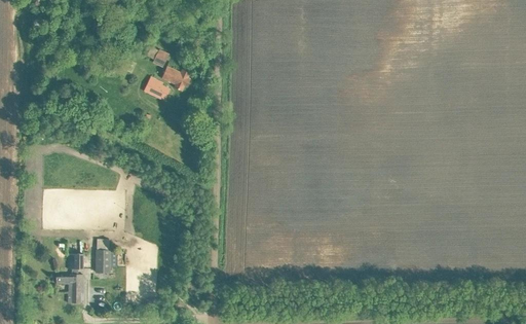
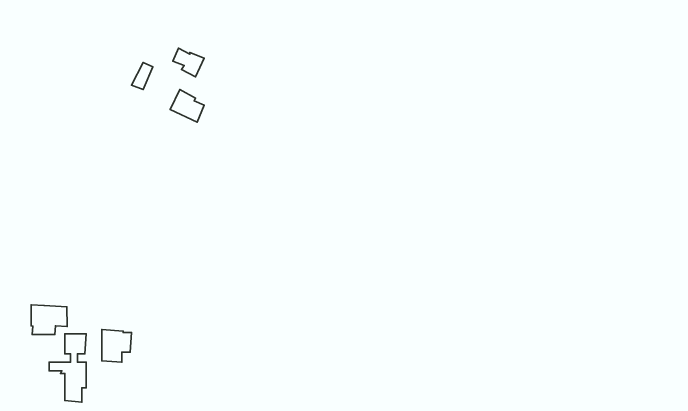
building: [161,67,190,92] -> none
building: none -> [31,305,67,334]

